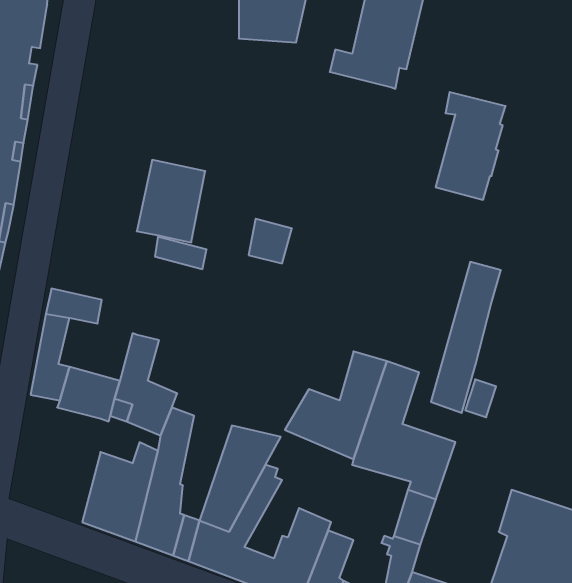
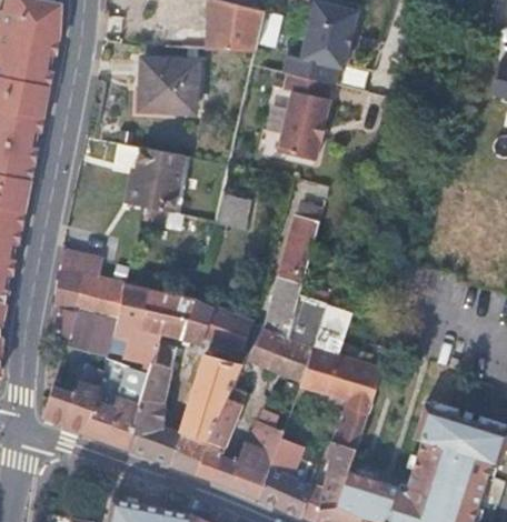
building: none -> [142,58,202,112]
building: [436,92,506,200] -> [276,76,331,161]
building: [431,262,501,413] -> [266,215,321,335]
building: none -> [67,270,126,320]
building: none -> [138,288,254,347]
building: none -> [44,367,101,432]

